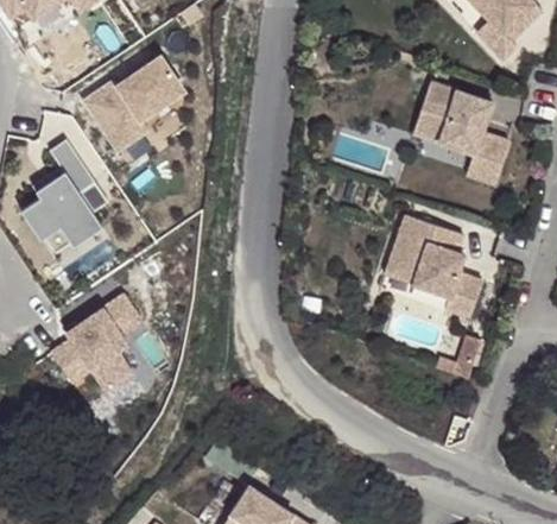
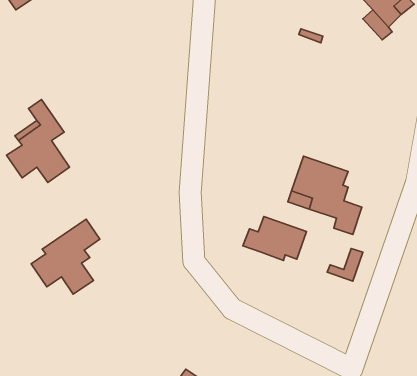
building: [82,59,181,151] -> none
building: [414,78,509,182] -> none
building: none -> [243,217,306,260]

